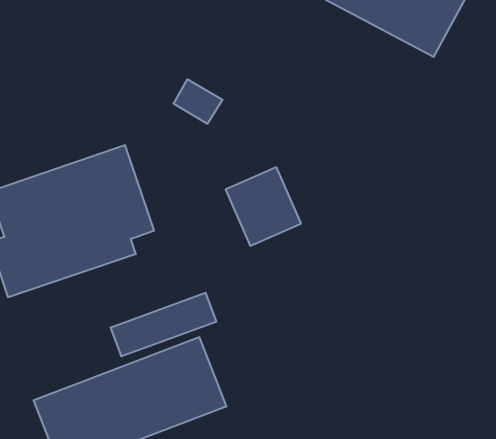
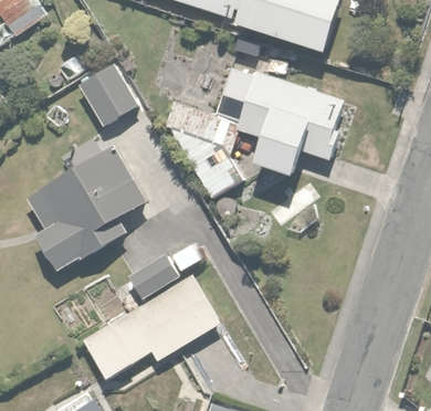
building: none -> [76,61,138,125]
building: none -> [216,64,348,177]

